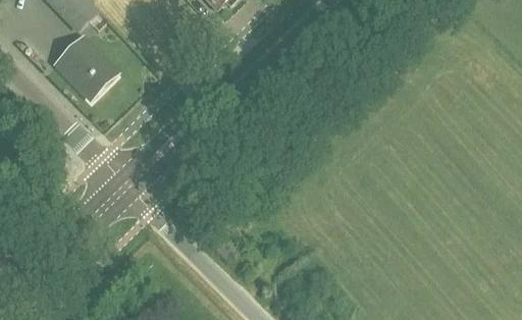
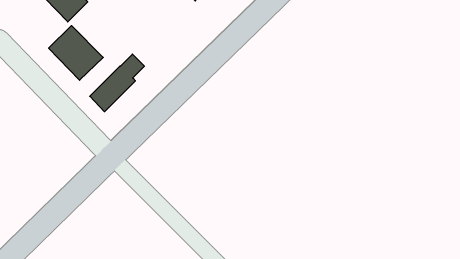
building: none -> [90,54,144,112]

